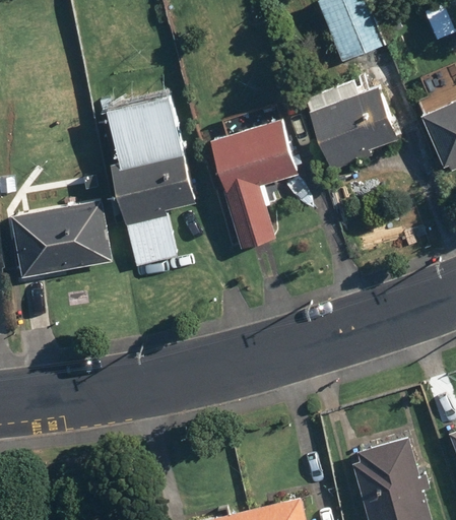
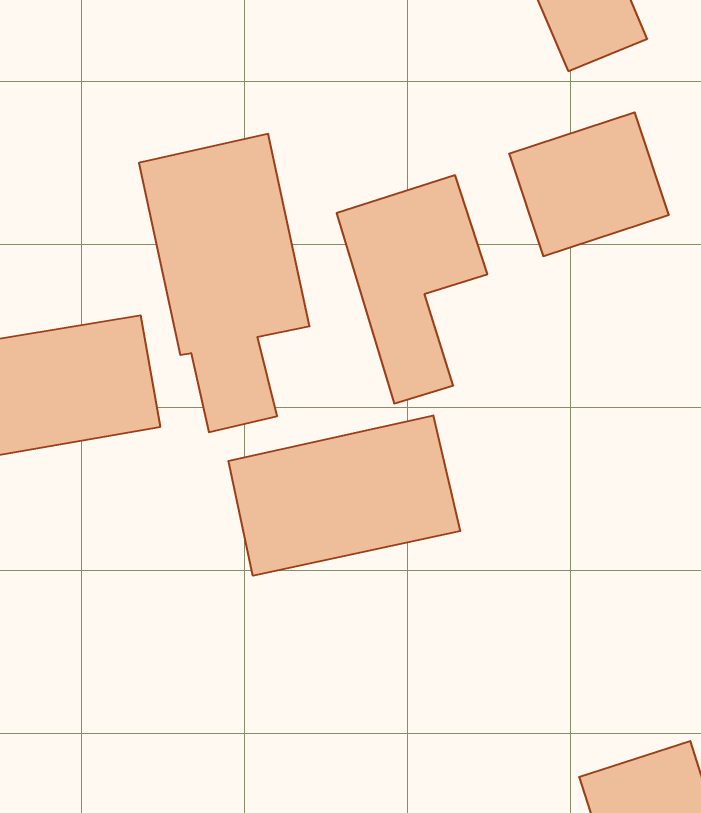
building: none -> [229,415,460,576]

